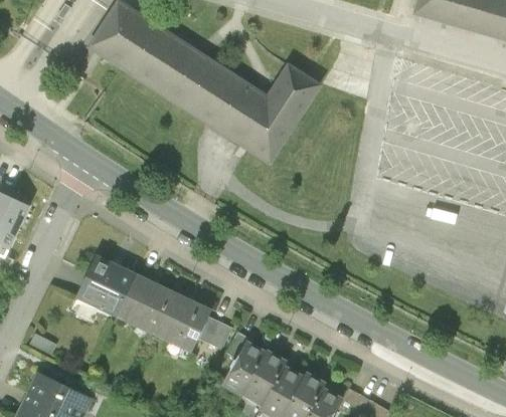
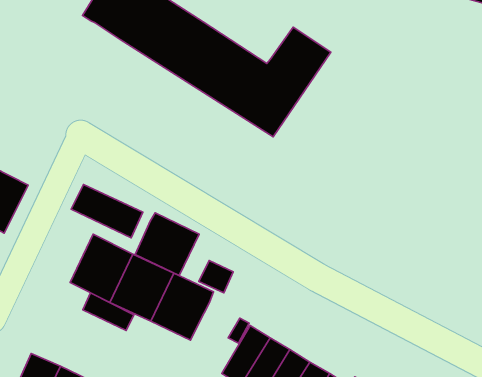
building: none -> [71,185,143,238]
building: none -> [135,213,199,276]
building: none -> [83,293,134,331]
building: [198,320,231,351] -> [199,260,233,293]

